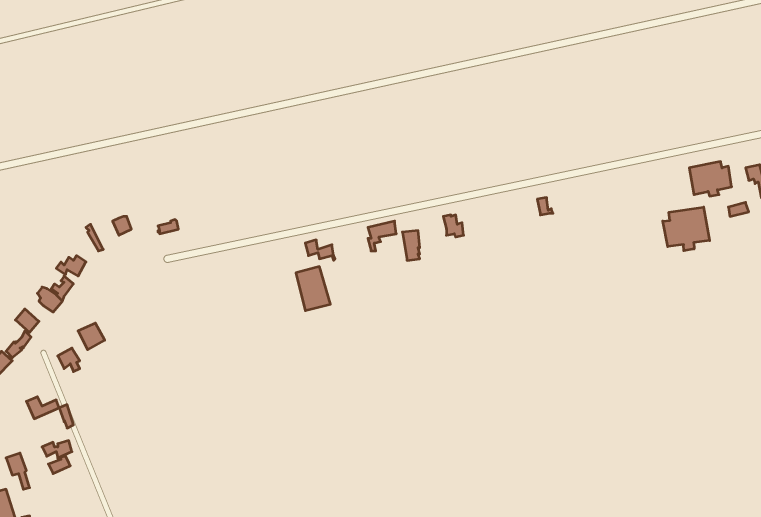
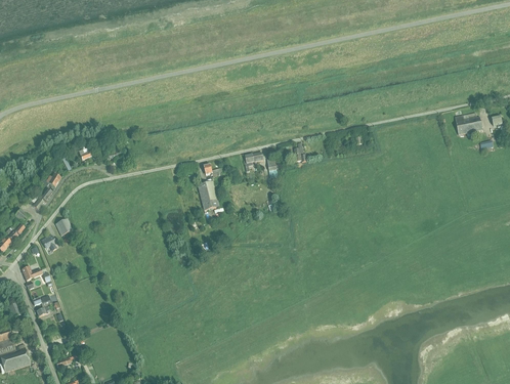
building: [663,207,710,251] -> none

